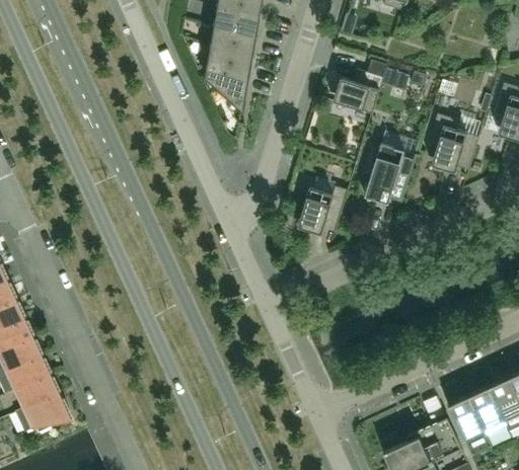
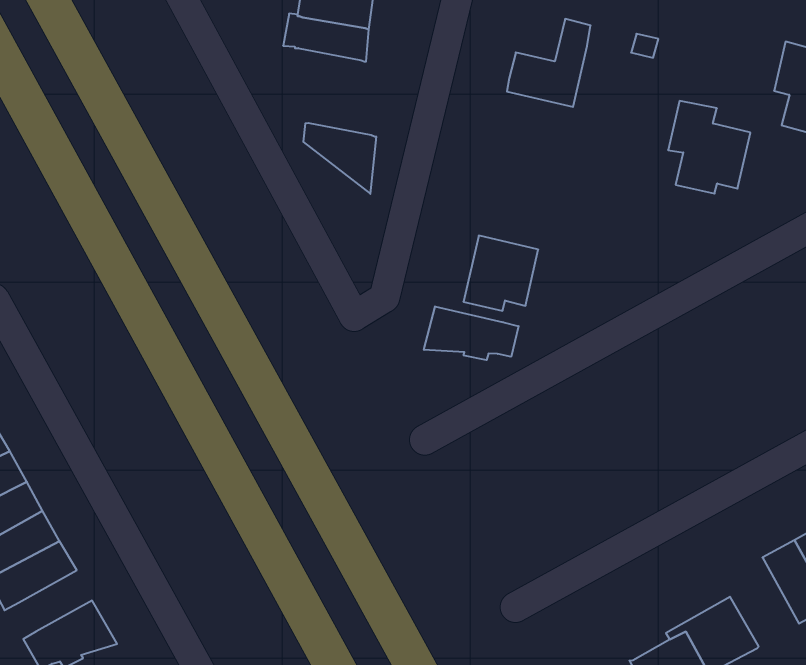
building: [204,65,248,110] -> [303,123,376,194]
building: [361,142,417,202] -> none
building: none -> [424,306,519,360]
building: [14,372,59,407] -> none
building: [447,394,487,445] -> none

